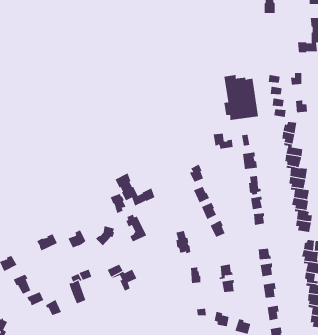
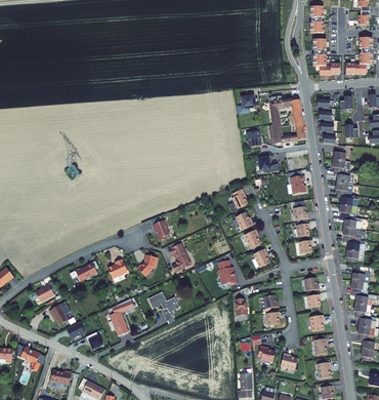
building: none -> [313,39,341,75]
building: [115,173,155,207] -> none

